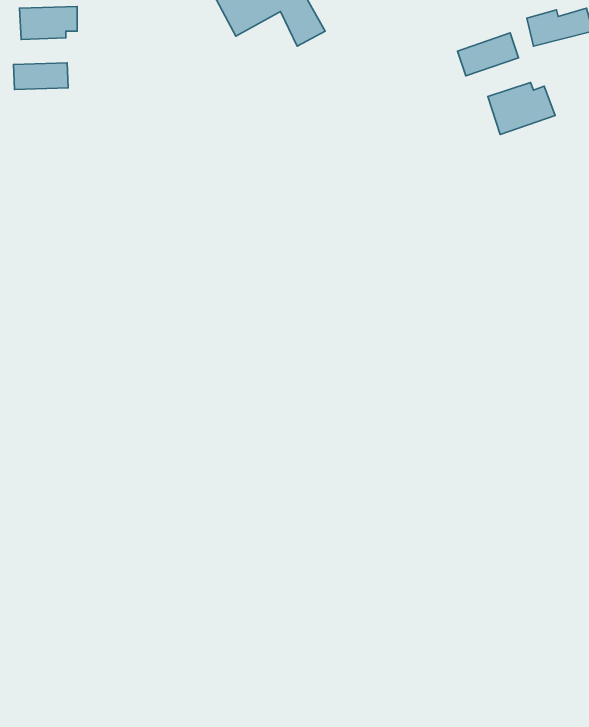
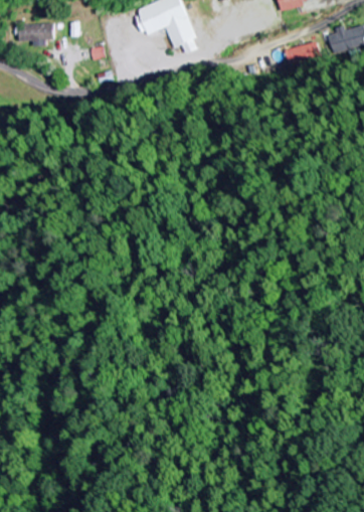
building: [13,63,68,89] -> none
building: [488,82,555,134] -> none

